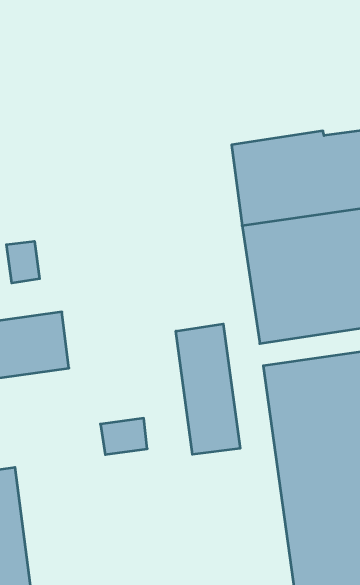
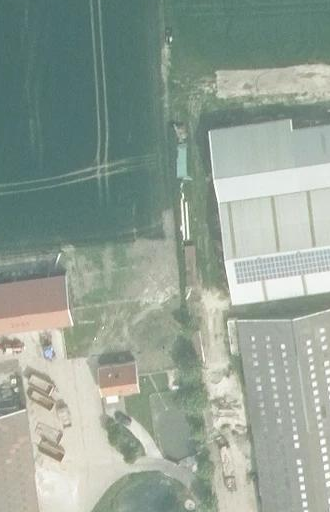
building: [6,241,40,283] -> none
building: [176,324,240,454] -> none

